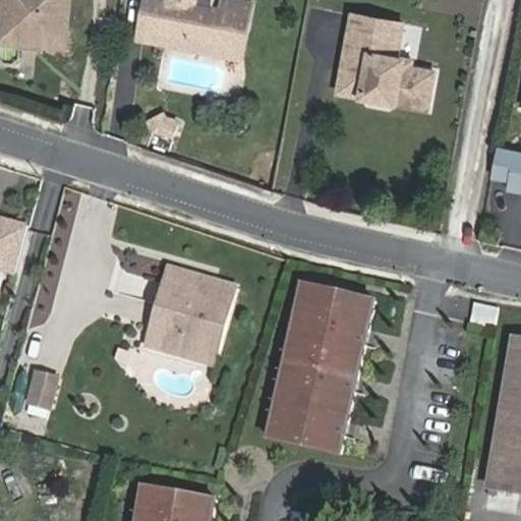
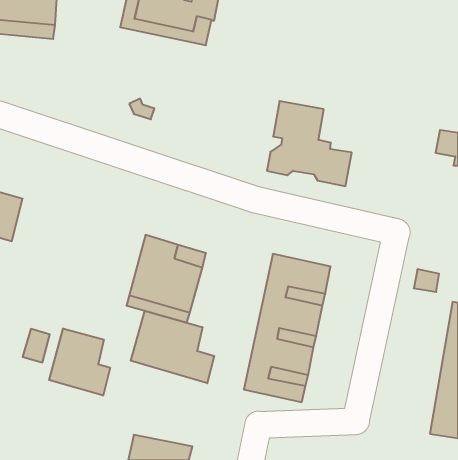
building: [336,10,431,106] -> [267,101,352,186]
building: none -> [131,311,214,383]
building: none -> [49,328,110,396]

